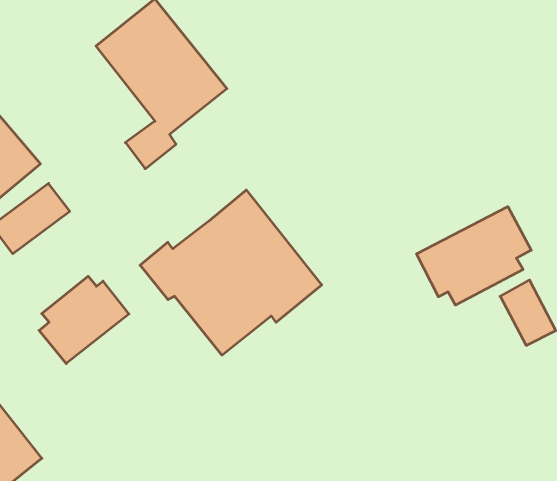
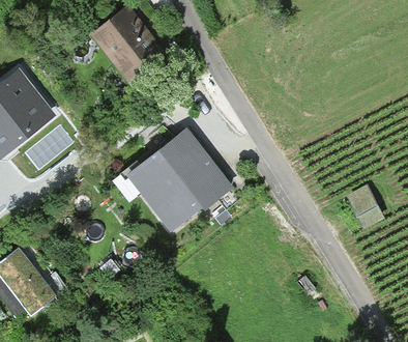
building: [417,207,531,305] -> none
building: [39,276,129,364] -> none

